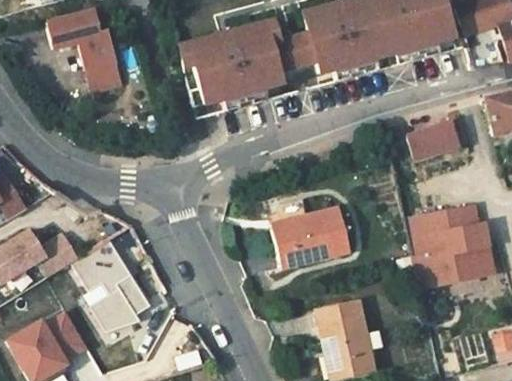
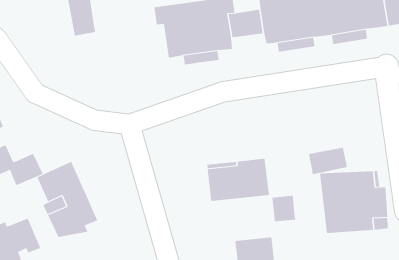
building: [408,122,457,159] -> [308,147,348,175]
building: none -> [272,195,296,222]

